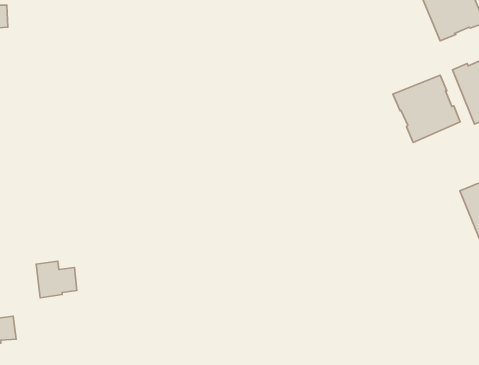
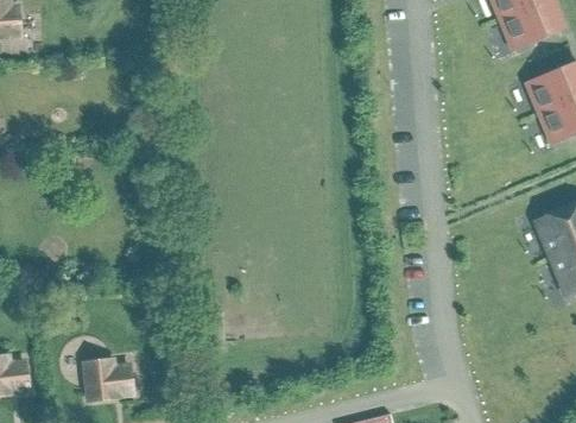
building: [393,75,460,142] -> none
building: [36,261,77,298] -> [84,359,131,400]

